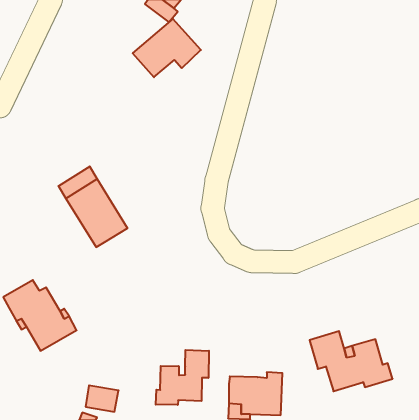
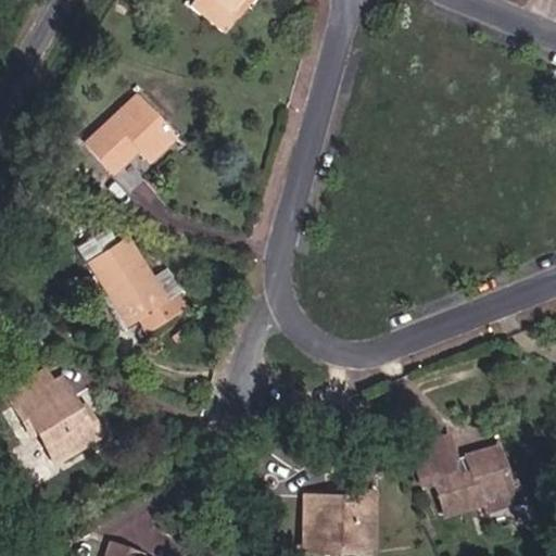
building: [133,19,201,77] -> [86,96,176,173]
building: none -> [140,269,188,332]
building: [156,350,209,405] -> none

